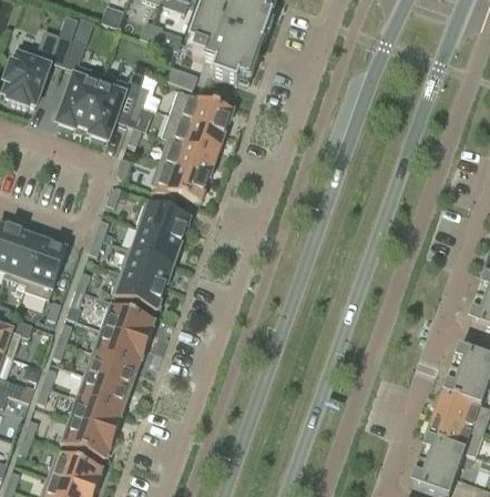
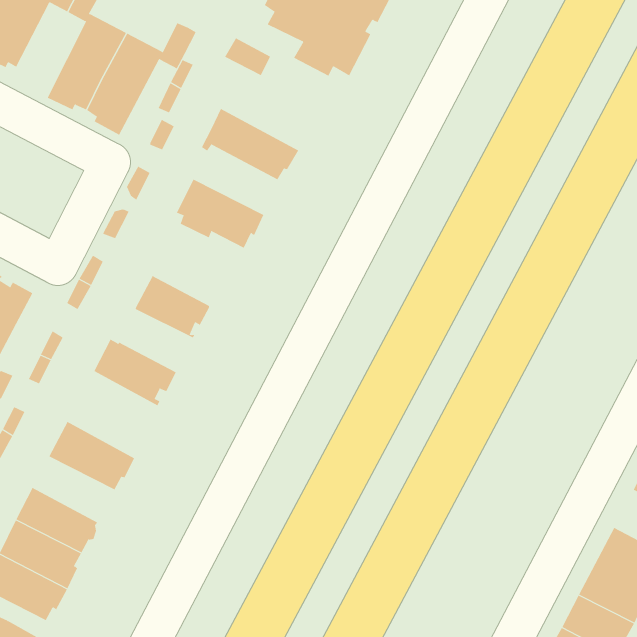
building: [170,90,229,133] -> none
building: [159,138,213,178] -> none
building: [136,199,190,242] -> none
building: [120,246,173,286] -> none
building: [100,304,153,345] -> none
building: [83,352,136,389] -> none

